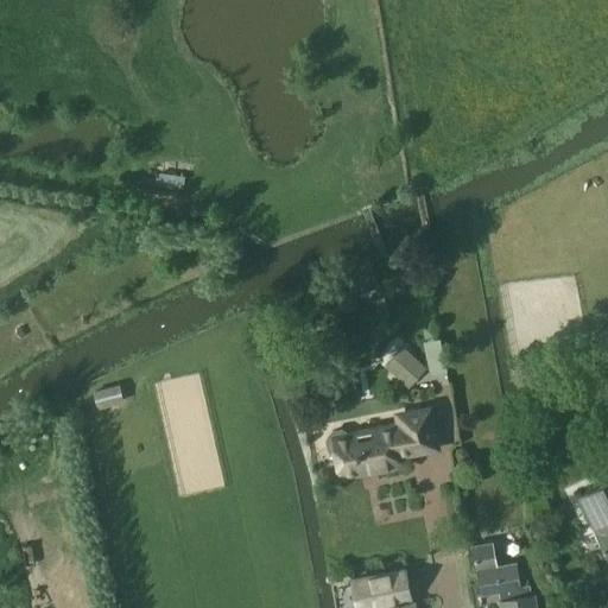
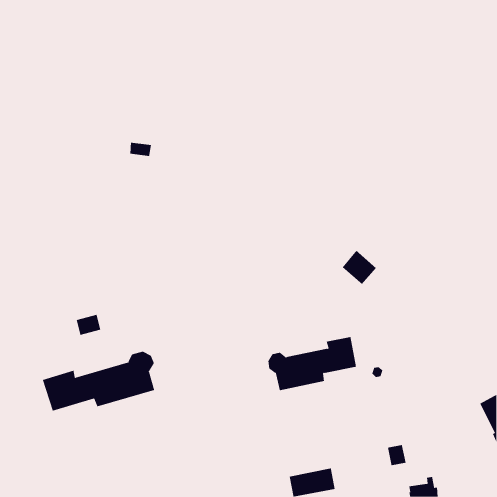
building: [384,346,426,388] -> [342,250,377,285]
building: none -> [42,351,155,412]
building: [477,563,521,596] -> none

